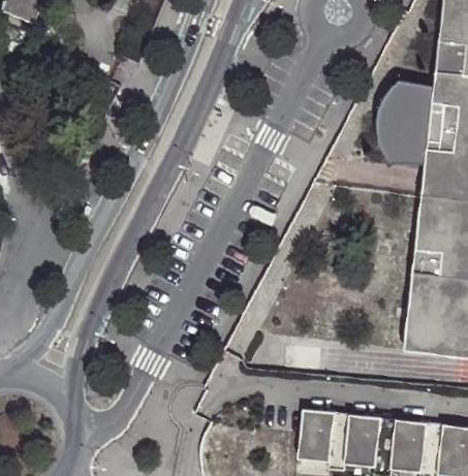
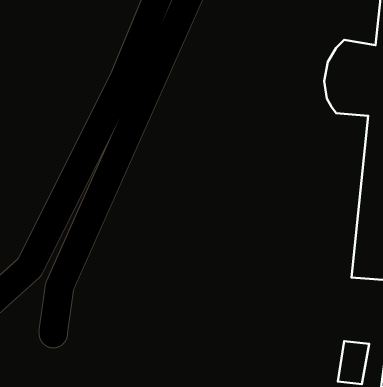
building: [304,410,335,457] -> none
building: [349,414,382,463] -> none

